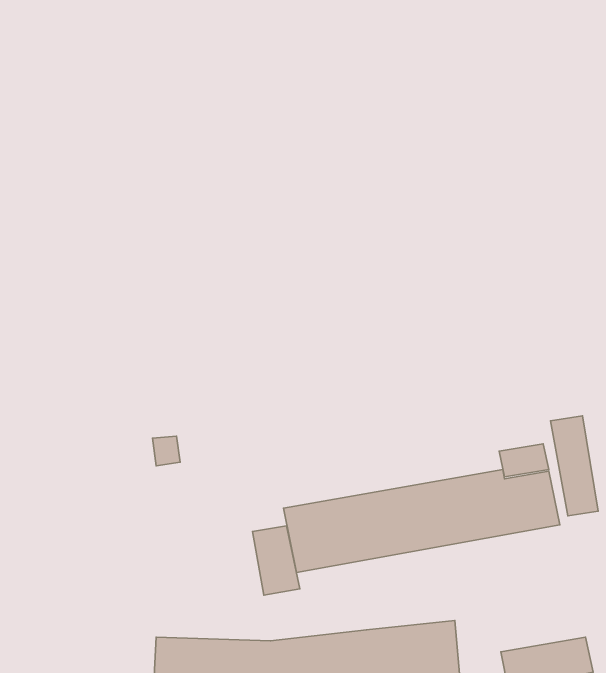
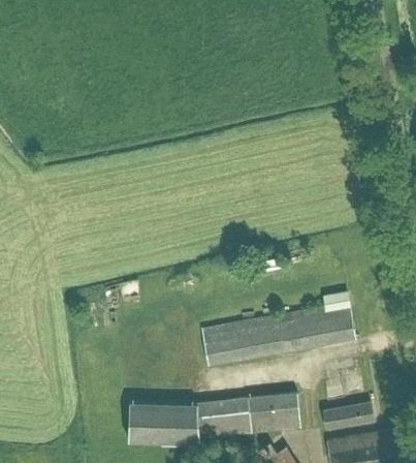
building: [550,416,598,516] -> none
building: [252,526,300,595] -> none

